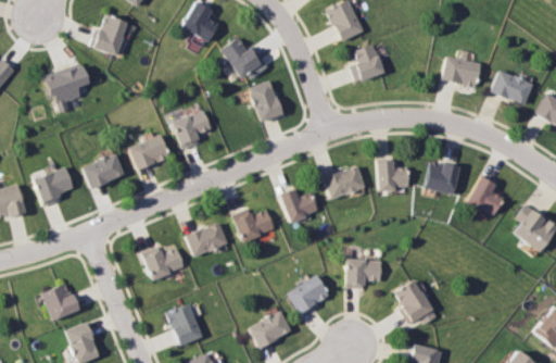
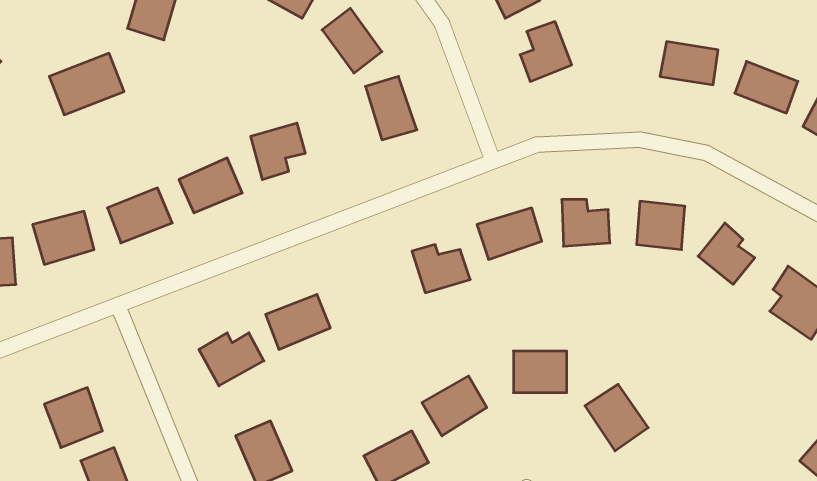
building: [235,208,274,240] -> none

